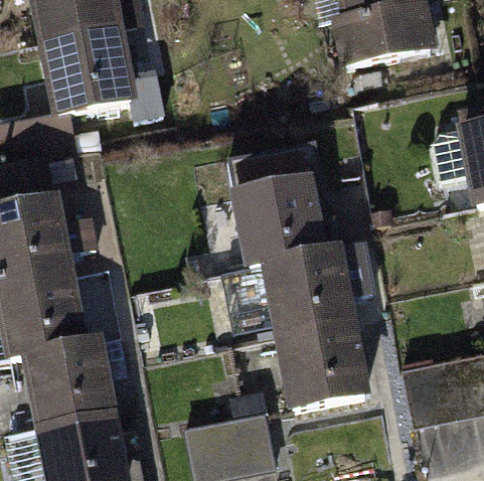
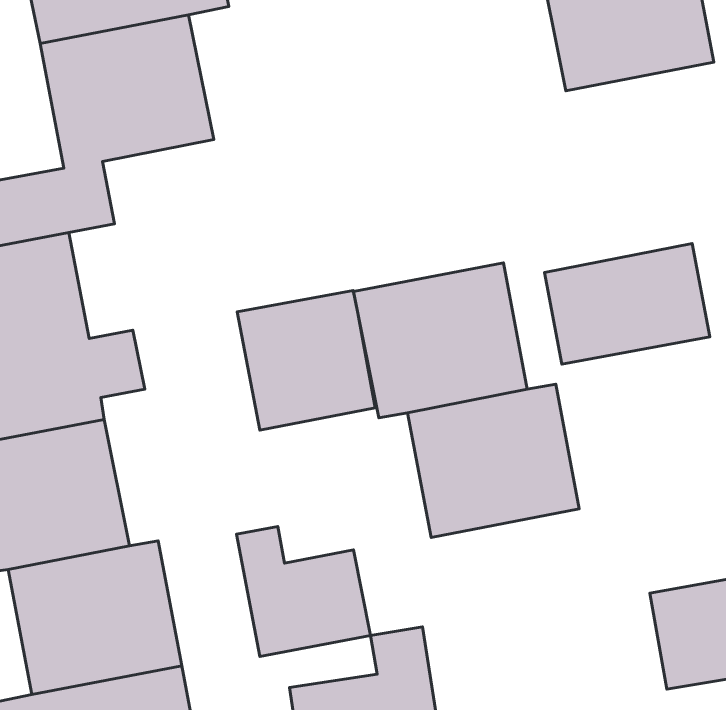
building: none -> [544,244,710,364]
building: none -> [237,291,375,430]
building: [271,321,374,413] -> none
building: none -> [237,526,370,656]

